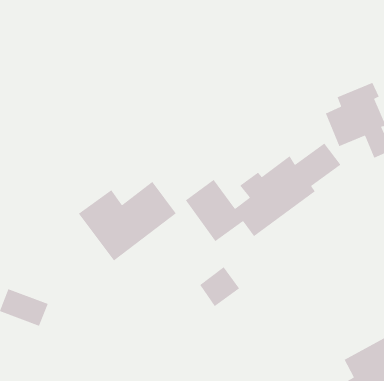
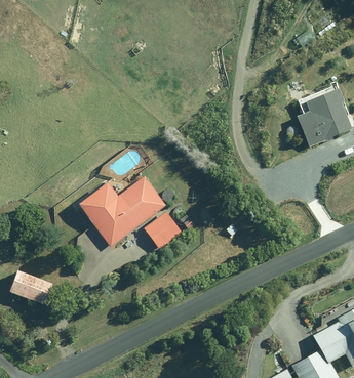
building: [185,143,342,242] -> none
building: [199,266,240,307] -> [145,212,181,248]

